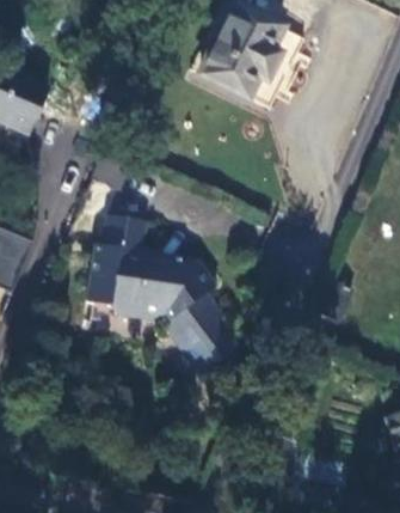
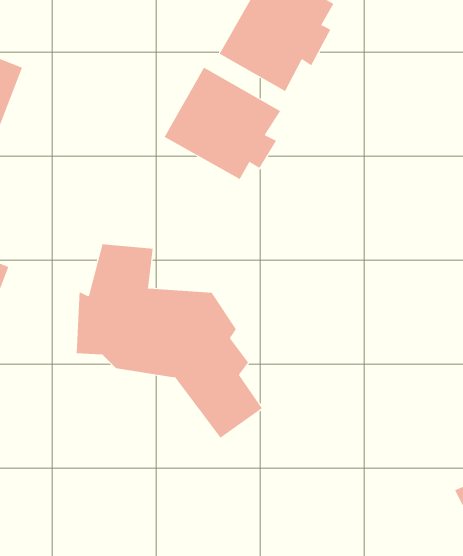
building: none -> [164,67,281,180]

